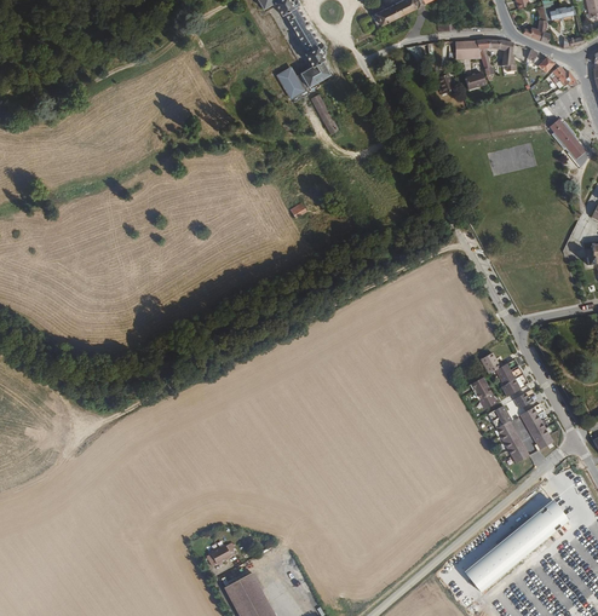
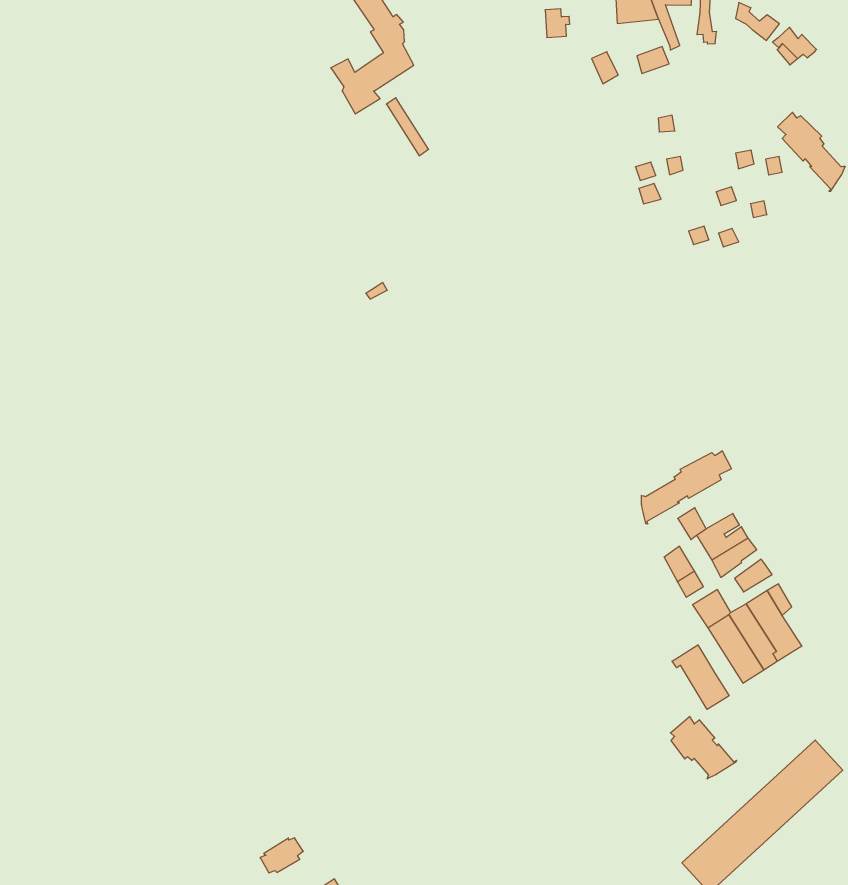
building: none -> [641,451,731,524]
building: none -> [672,645,729,709]
building: none -> [670,716,736,779]

